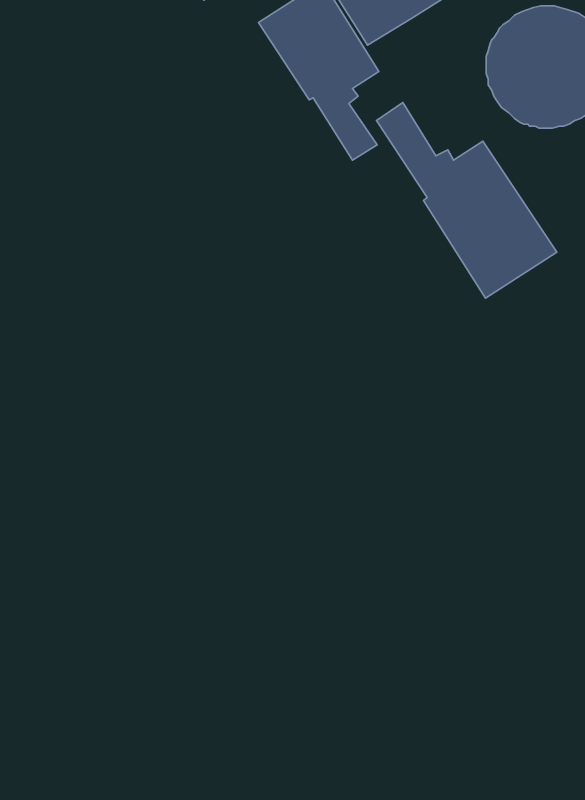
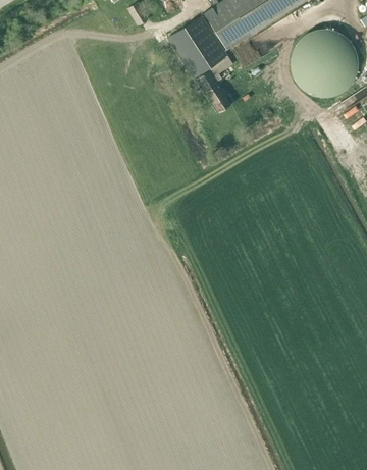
building: [376,102,557,298] -> none

